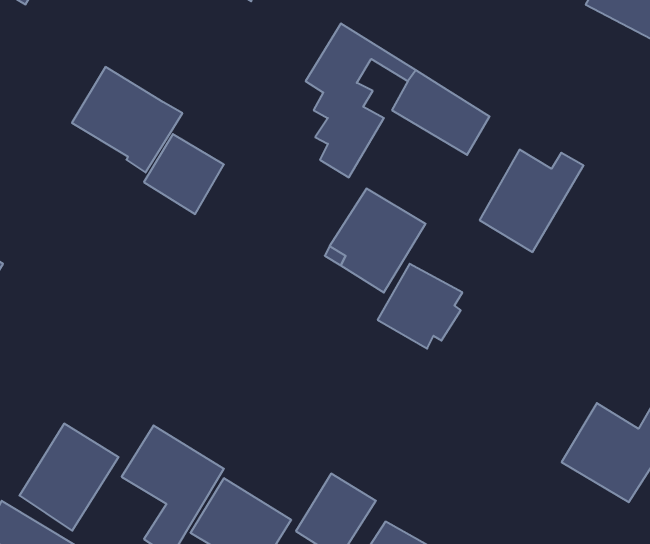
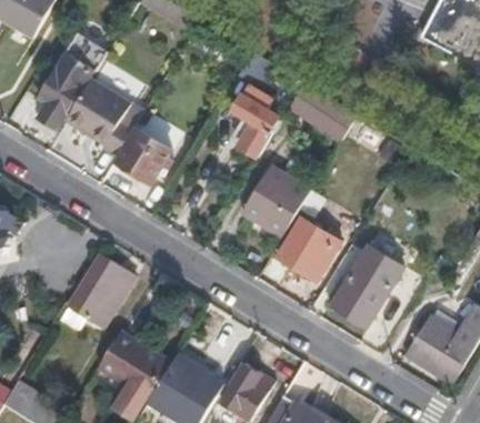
building: none -> [36,42,101,129]
building: [480,150,584,252] -> [330,254,402,325]
building: [19,424,119,531] -> [68,254,137,329]

